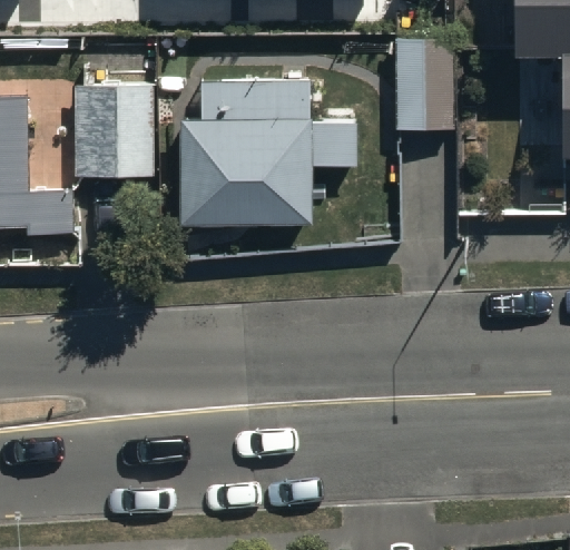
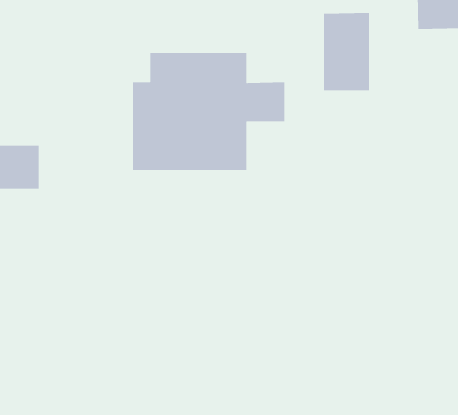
building: [77,98,156,193] -> none

